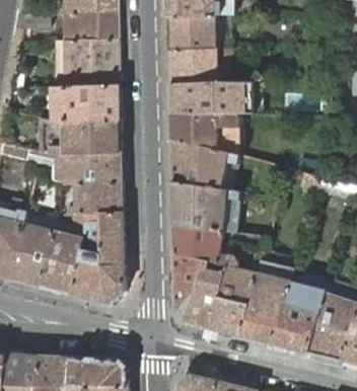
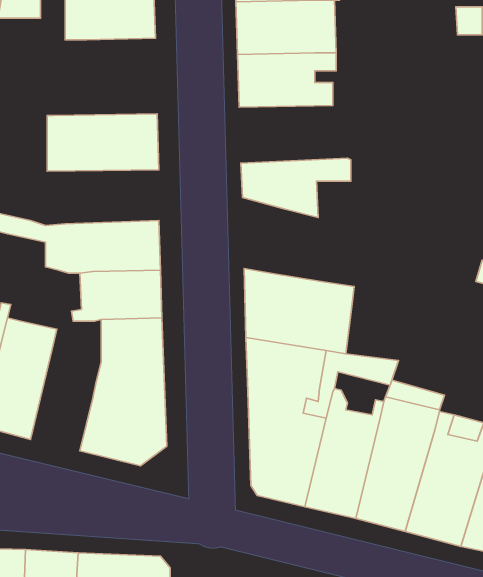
building: [55,40,120,87] -> none
building: [170,81,237,116] -> none
building: [41,119,121,155] -> none
building: [172,138,240,189] -> none
building: [42,213,85,294] -> none

